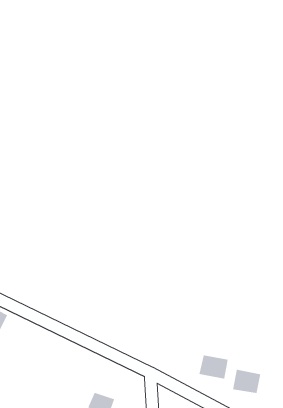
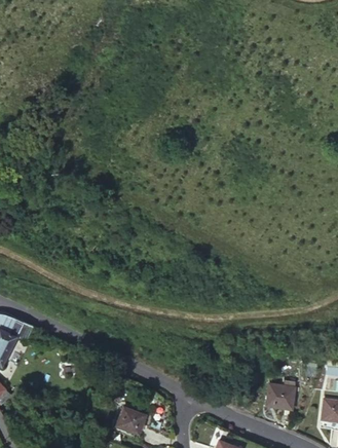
building: [198,354,229,380] -> none

